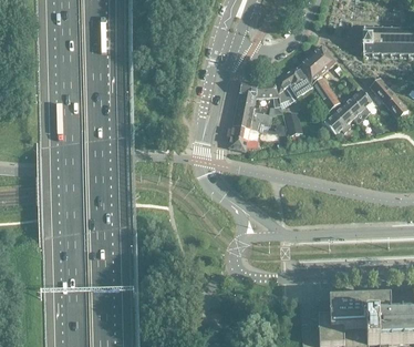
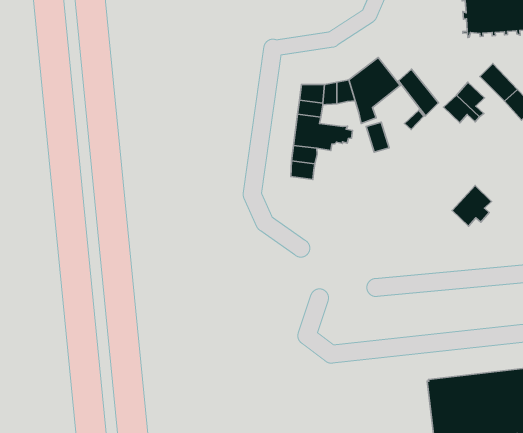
building: [300,43,337,81] -> none
building: [325,103,354,132] -> [452,186,492,226]

